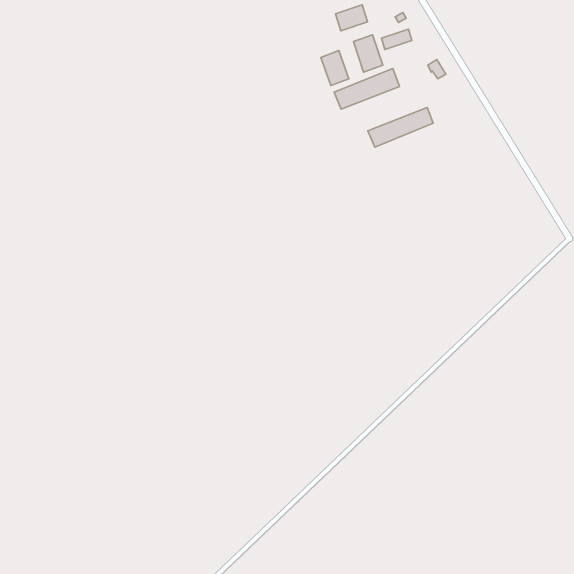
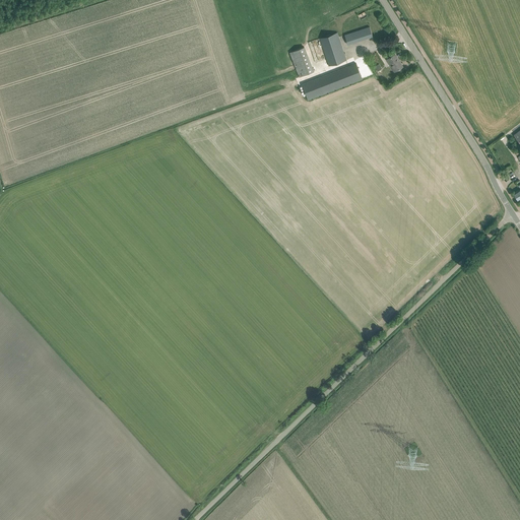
building: [336,5,368,31] -> none
building: [368,107,433,147] -> none

